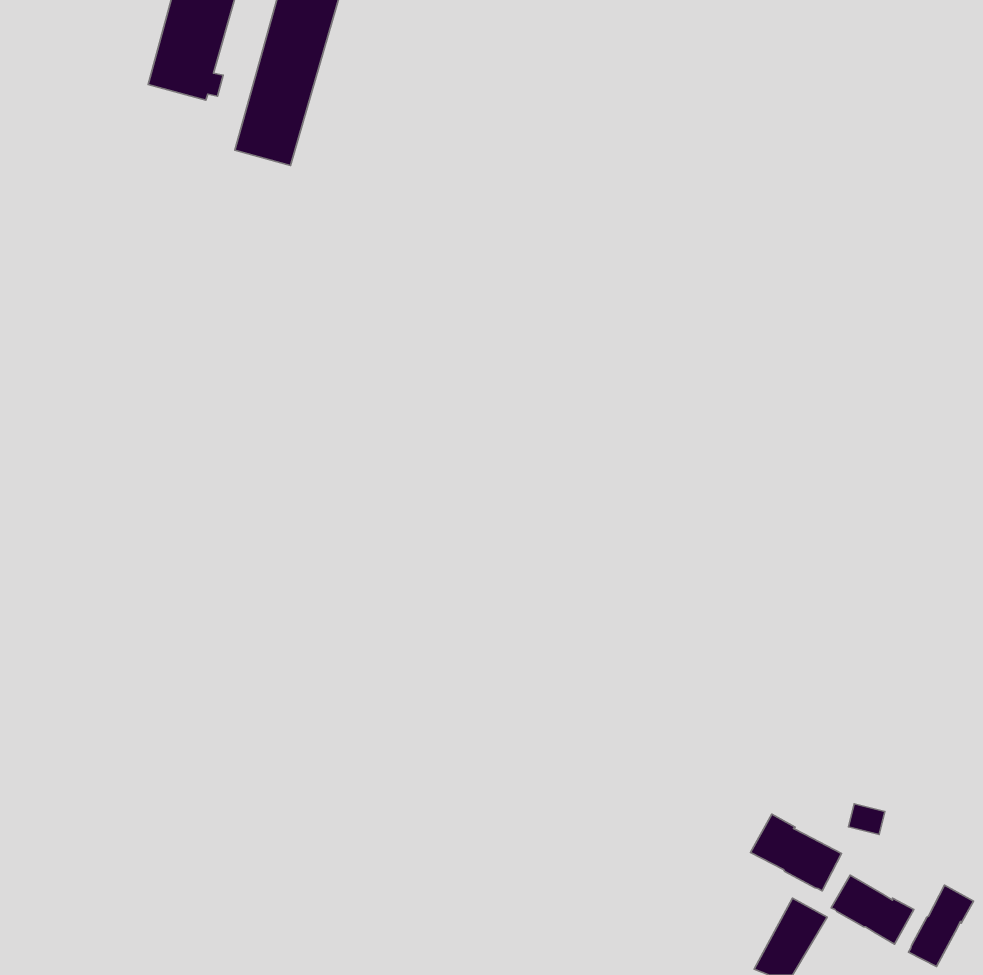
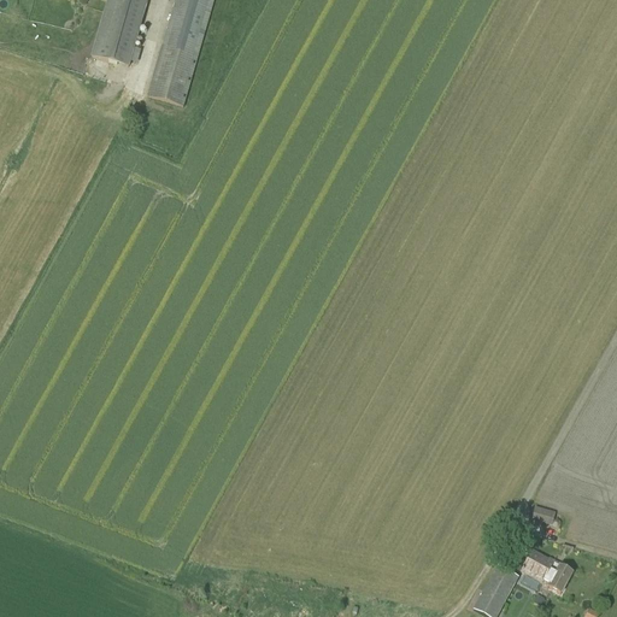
building: [750,814,842,891] -> none
building: [908,885,973,967] -> none

